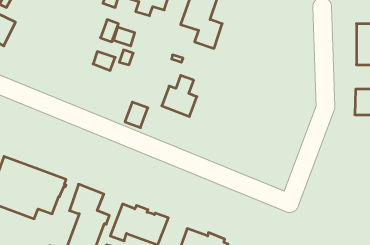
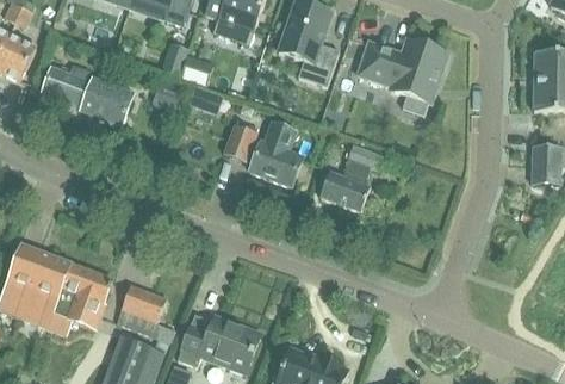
building: none -> [358,38,447,101]
building: none -> [42,64,135,126]
building: none -> [319,142,383,212]
building: [125,102,148,128] -> [224,124,257,161]

